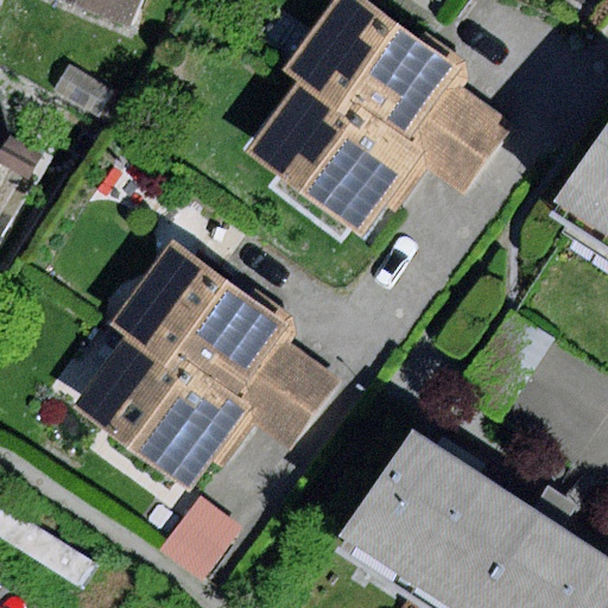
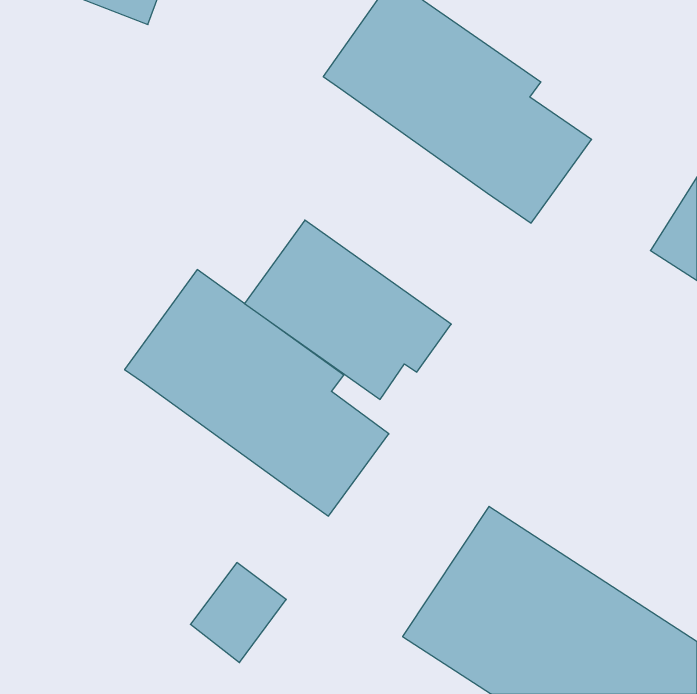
building: [243,77,423,233] -> [244,220,451,399]
building: [70,331,252,488] -> none

